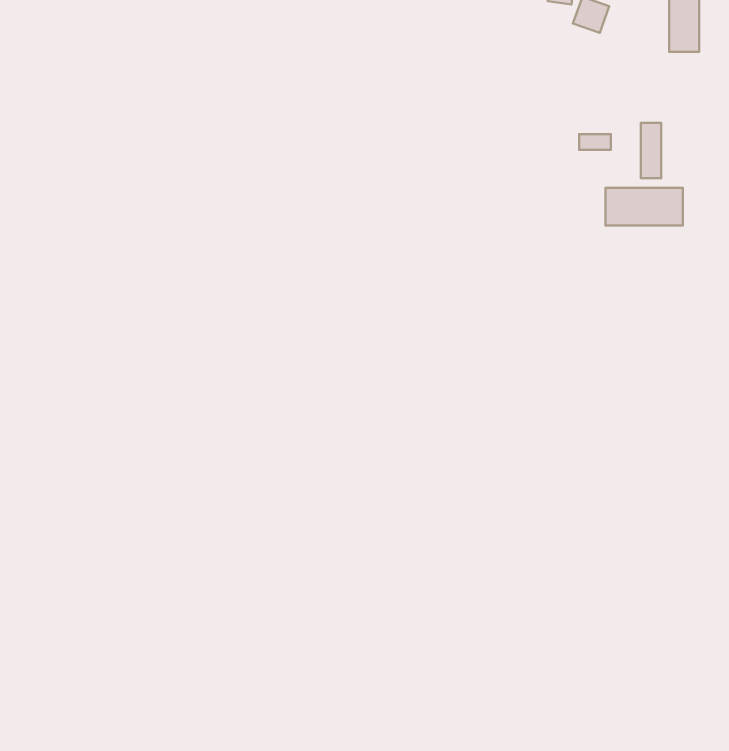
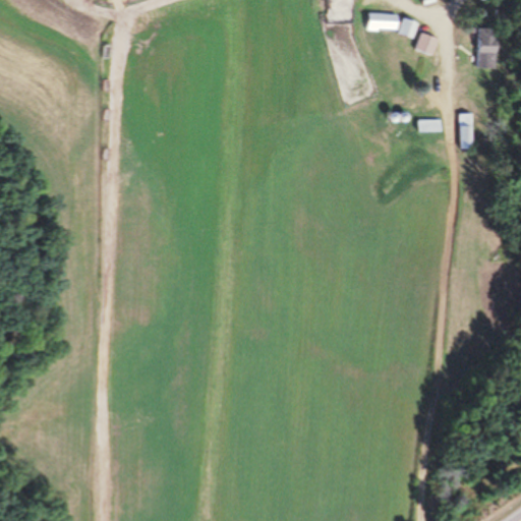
building: [606,188,683,225] -> none

